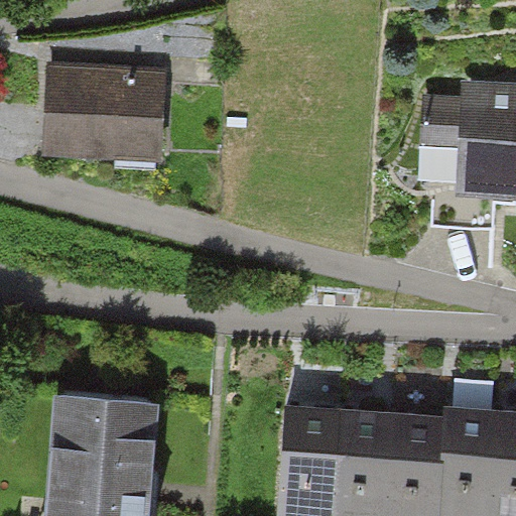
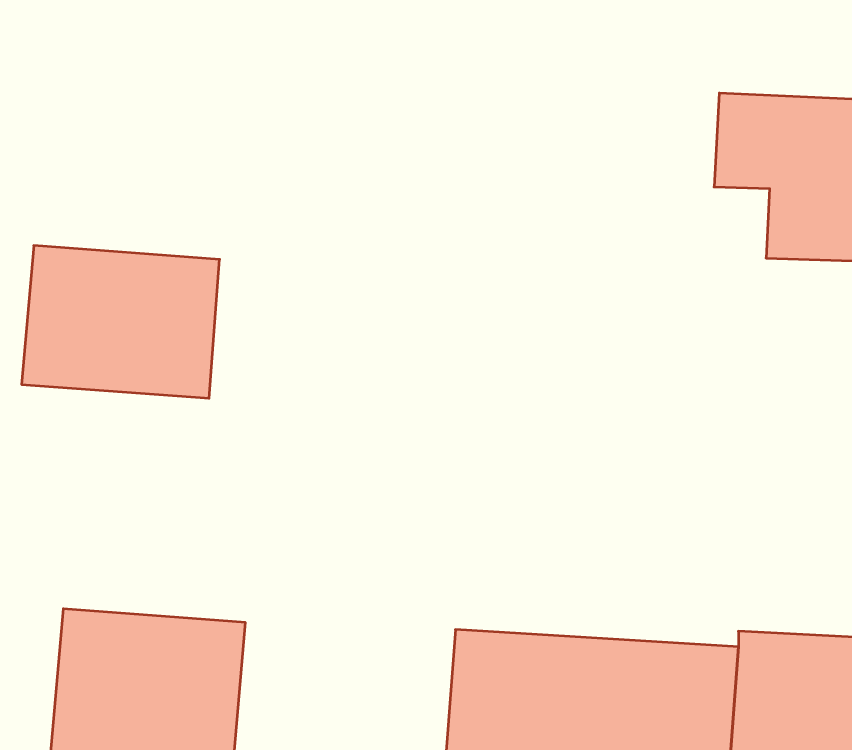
building: [57,75,172,163] -> [22,246,220,398]

